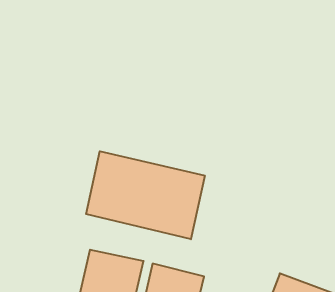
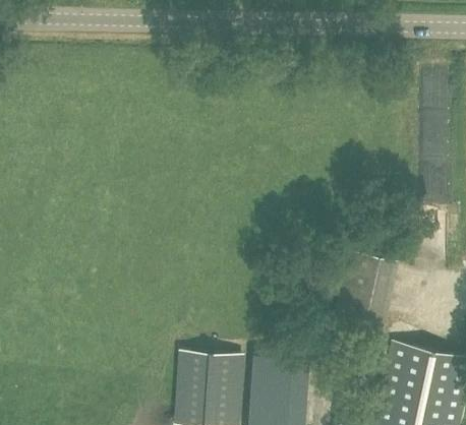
building: [86,151,205,239] -> none

